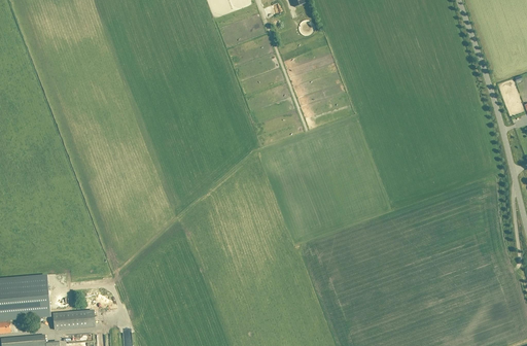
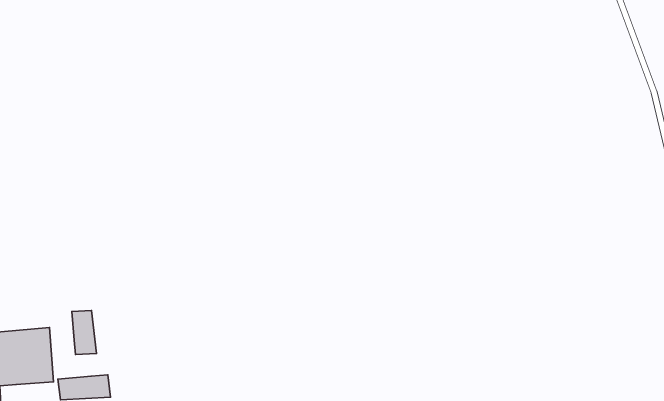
building: none -> [72,311,96,354]

